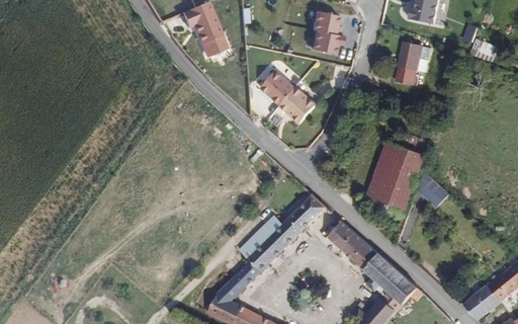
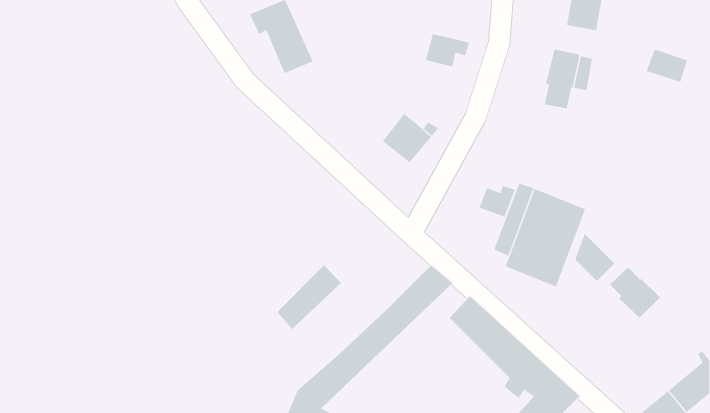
building: [310,10,341,34] -> none
building: [258,71,292,105] -> none
building: none -> [479,185,516,217]
building: none -> [609,267,661,318]
building: [236,213,283,260] -> [276,265,342,330]

